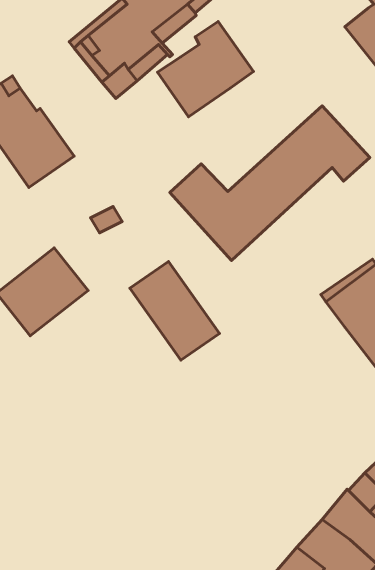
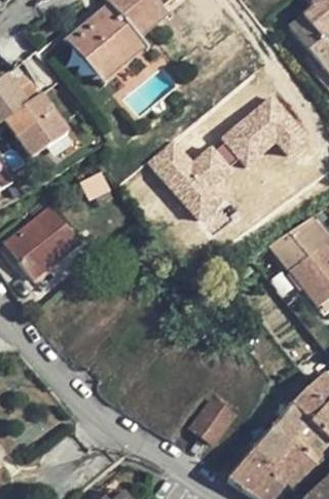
building: [158,22,254,117] -> none
building: [130,261,220,360] -> none
building: none -> [190,398,233,442]

